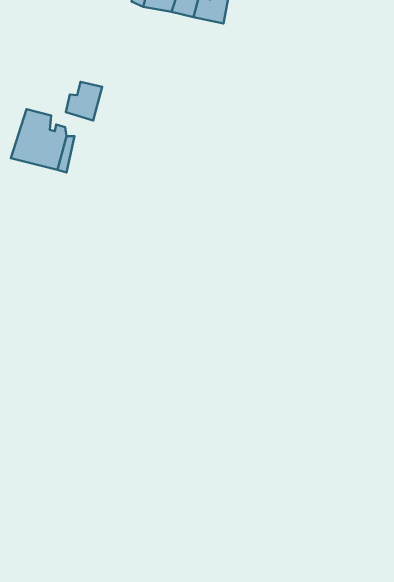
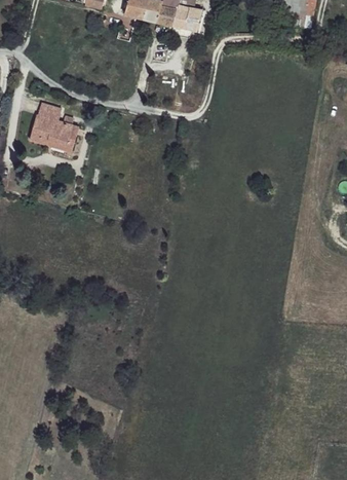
building: [66,82,102,121] -> none

